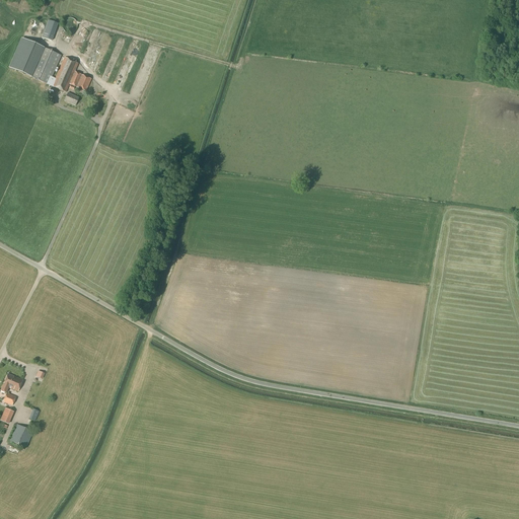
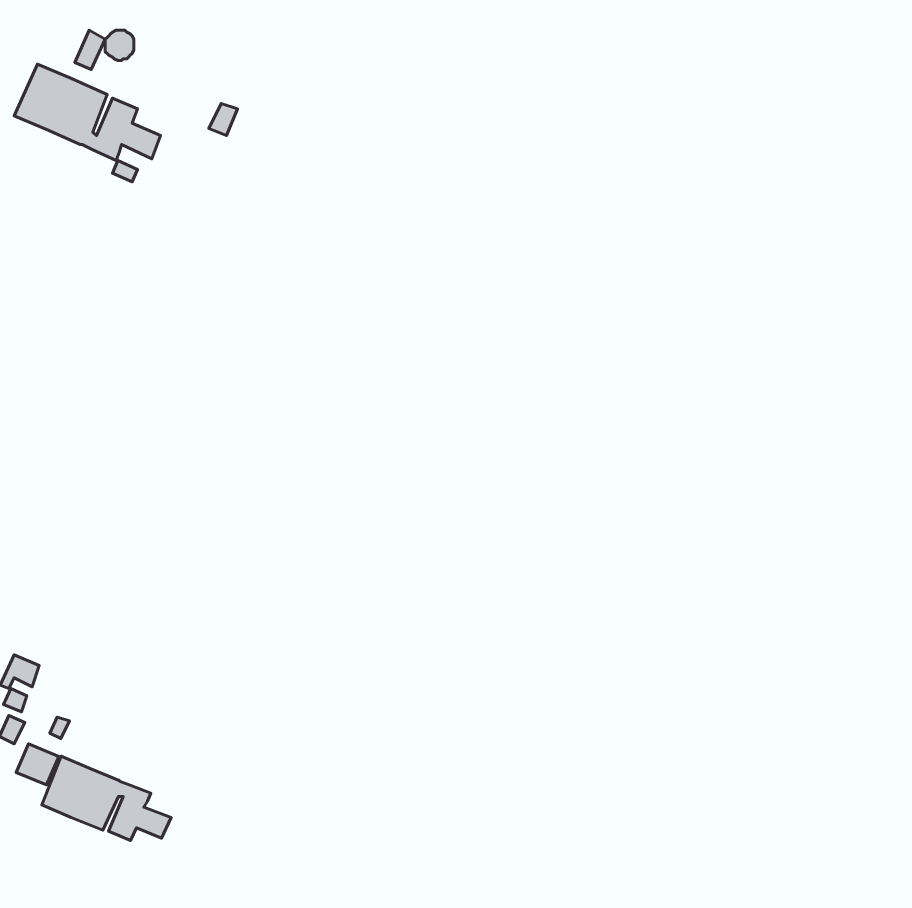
building: none -> [42,756,171,841]

